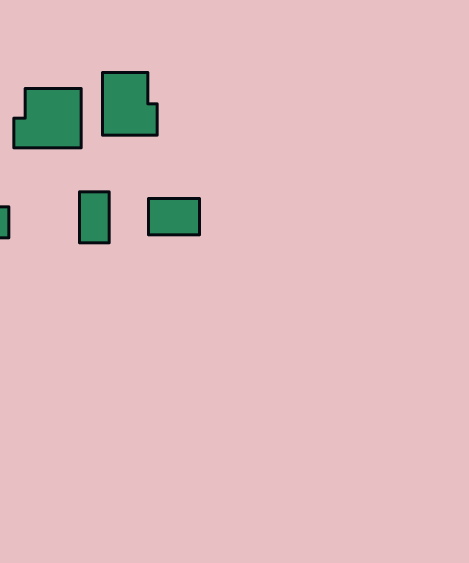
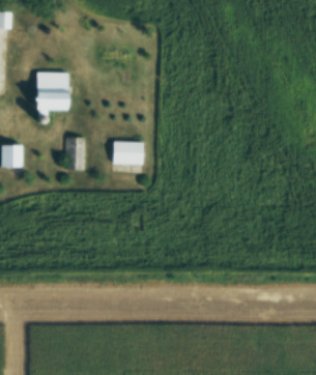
building: [103,73,157,135] -> none

